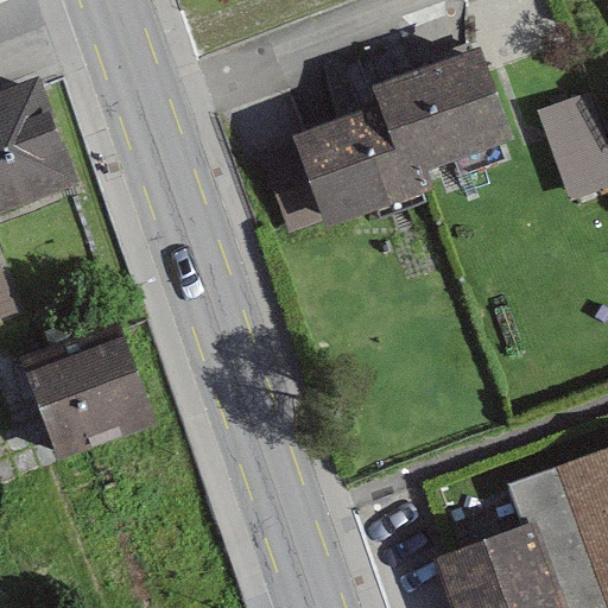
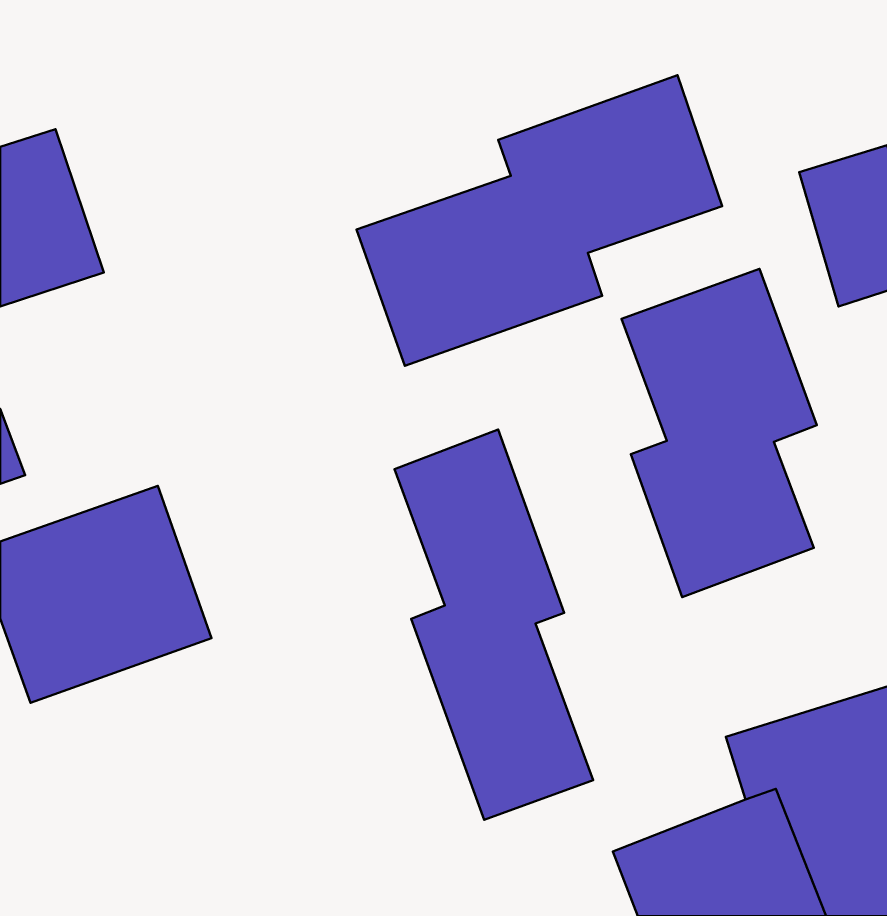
building: none -> [621,269,817,597]
building: none -> [394,429,593,820]

